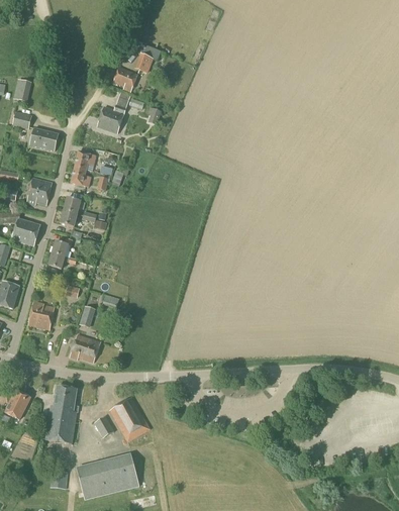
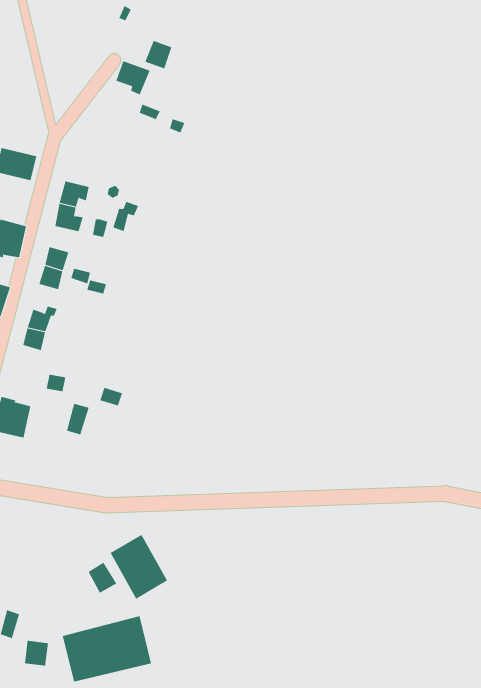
building: [97,90,130,132] -> none
building: [70,333,100,362] -> none
building: [45,385,77,443] -> none

